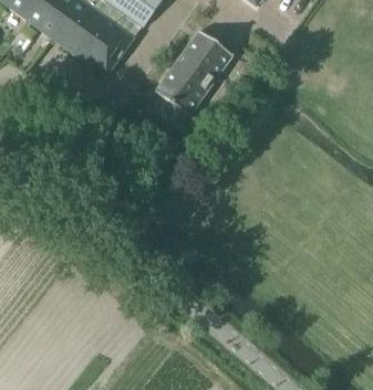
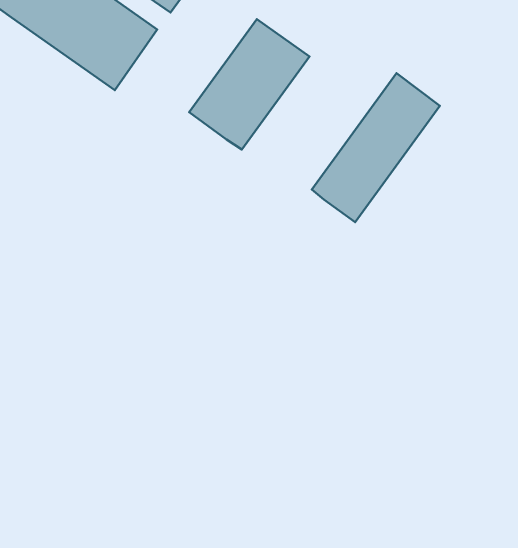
building: none -> [312,73,440,222]

